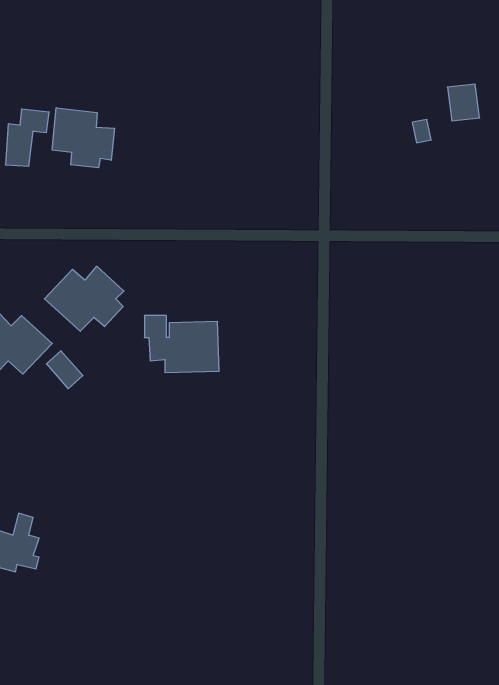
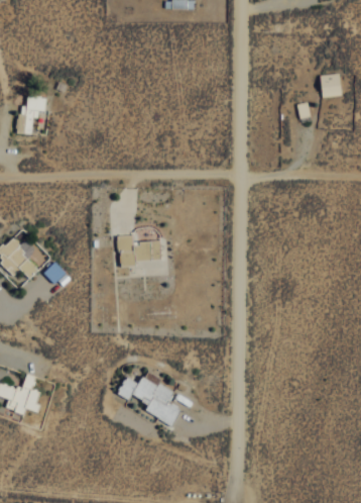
building: [52,108,114,168] -> none
building: [44,266,124,331] -> none
building: none -> [113,376,178,428]

